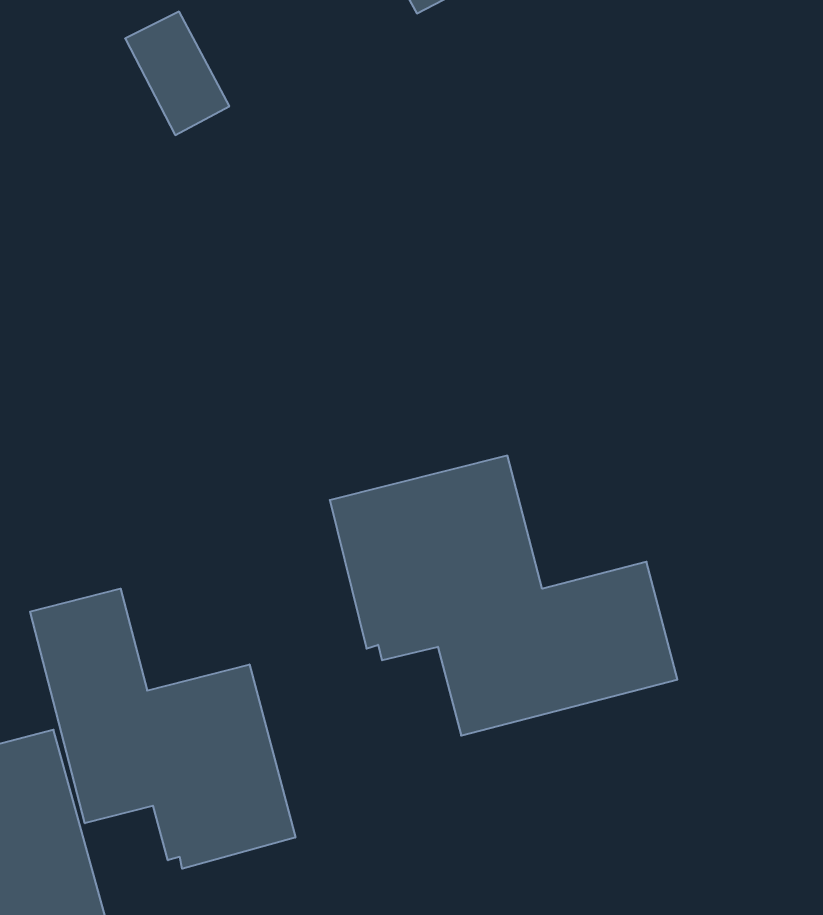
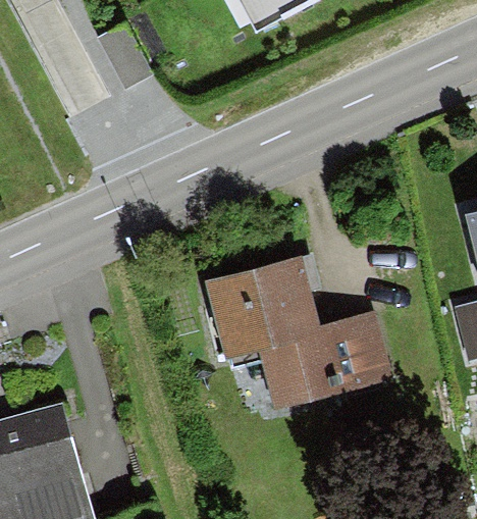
building: [30,589,295,869] -> none

